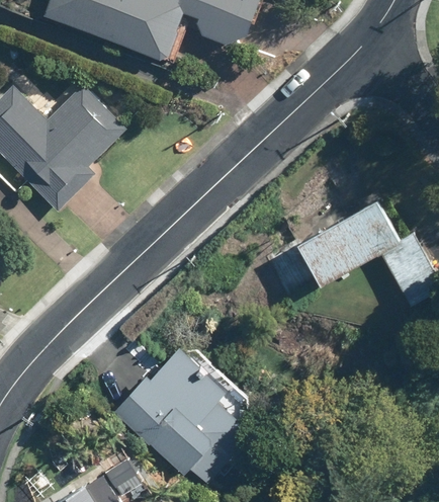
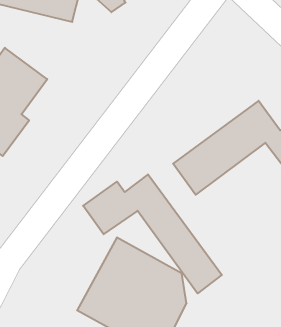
building: none -> [83,174,222,293]

